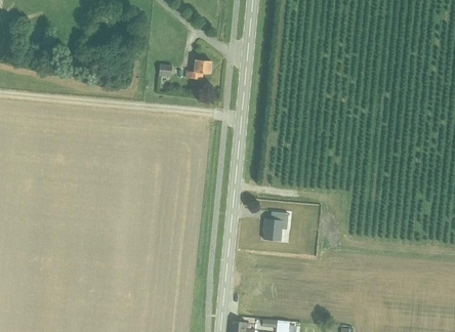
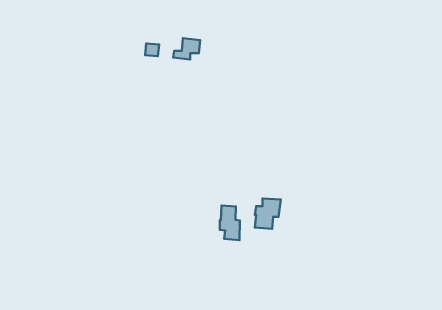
building: none -> [220,206,240,240]

